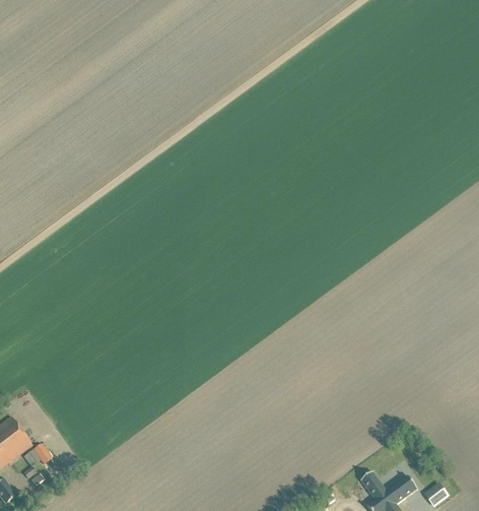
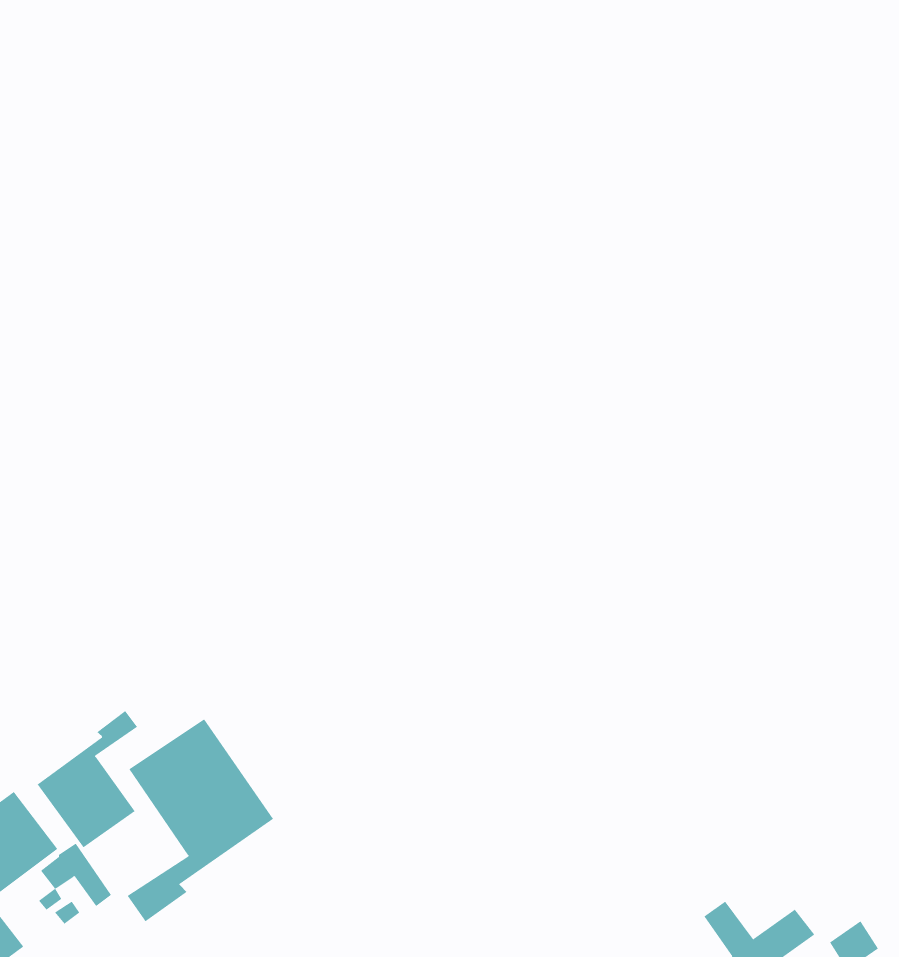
building: none -> [37,710,138,848]
building: none -> [127,718,274,922]

